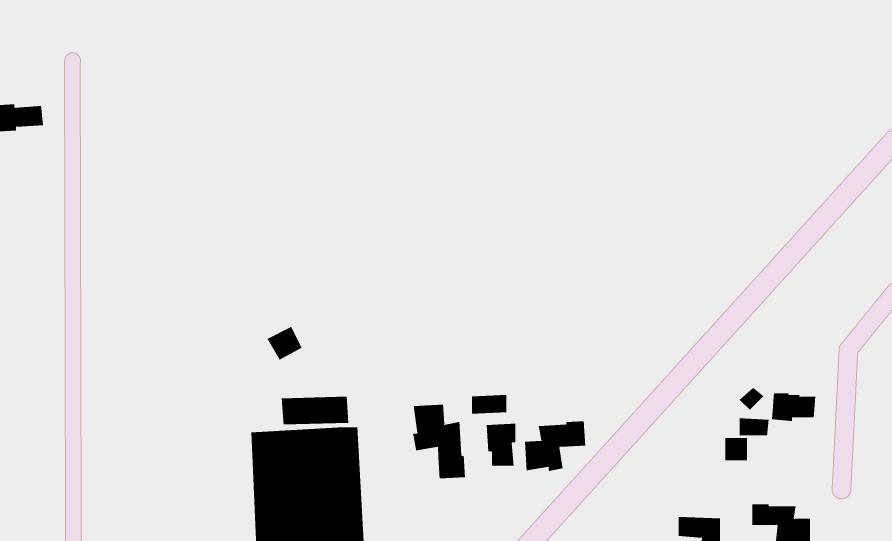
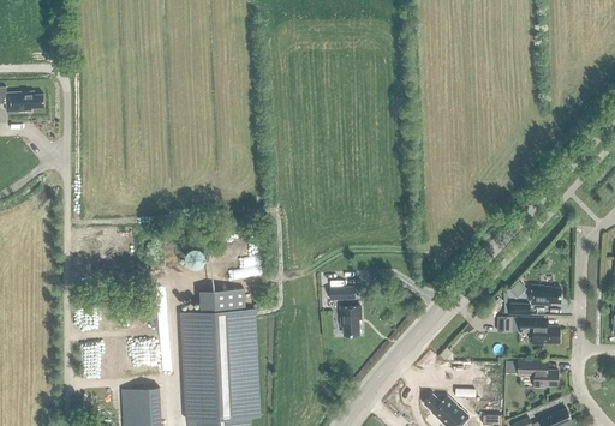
building: [413,404,465,479] -> none
building: [524,420,586,472] -> none
building: none -> [518,317,557,344]

